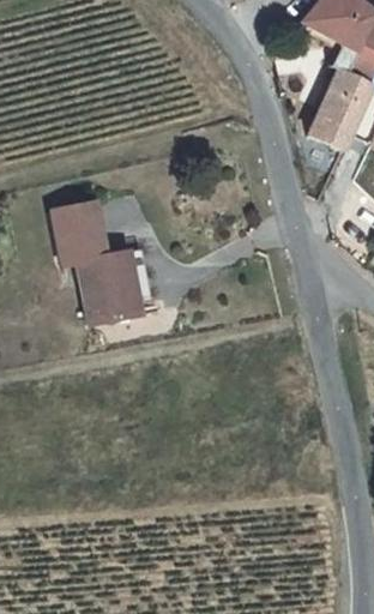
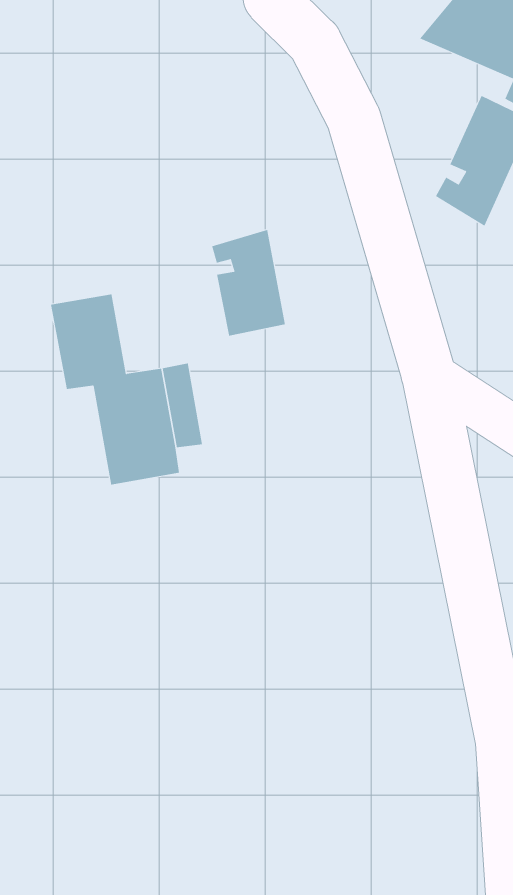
building: none -> [211,229,285,337]

